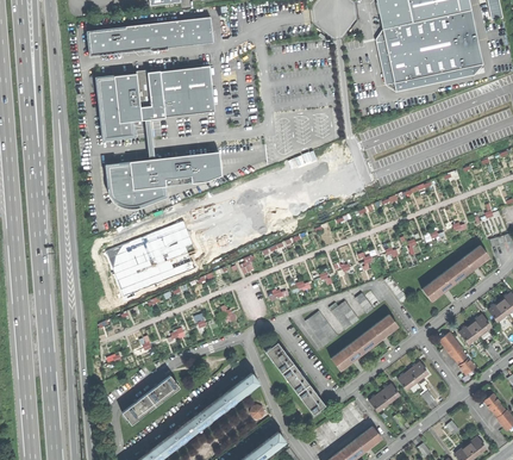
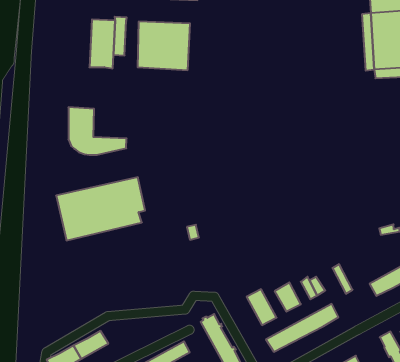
building: [140,70,165,119] -> none
building: [96,75,136,138] -> none
building: [130,150,221,188] -> none

